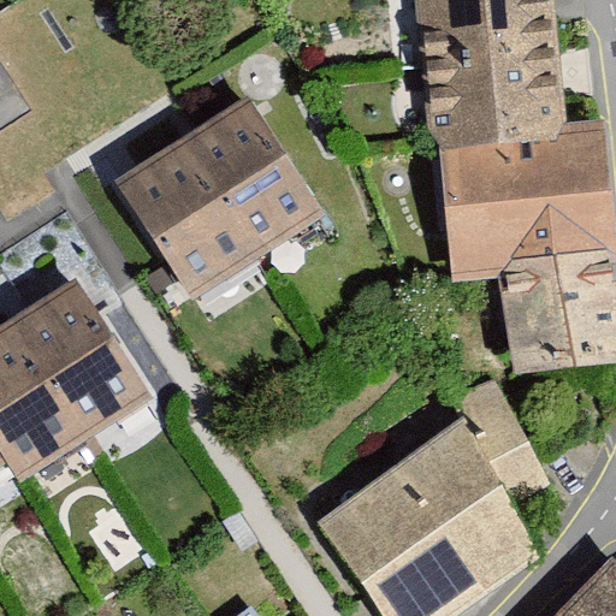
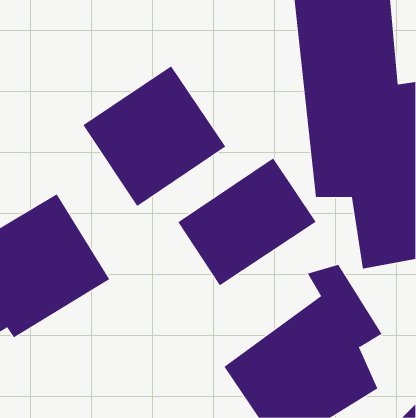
building: none -> [177,158,316,286]

